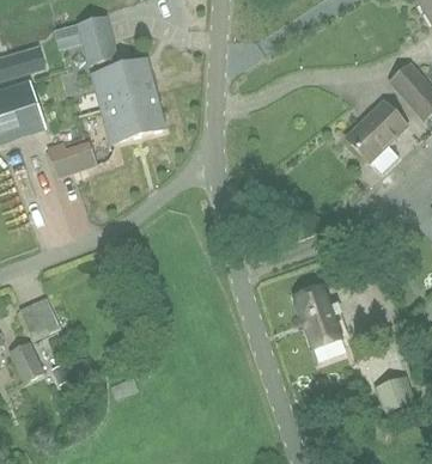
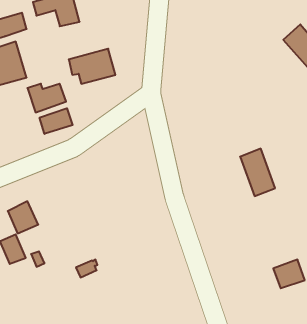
building: [96,57,154,106] -> none
building: [346,99,407,171] -> none
building: none -> [40,108,73,134]
building: [294,283,341,347] -> [240,149,275,196]

